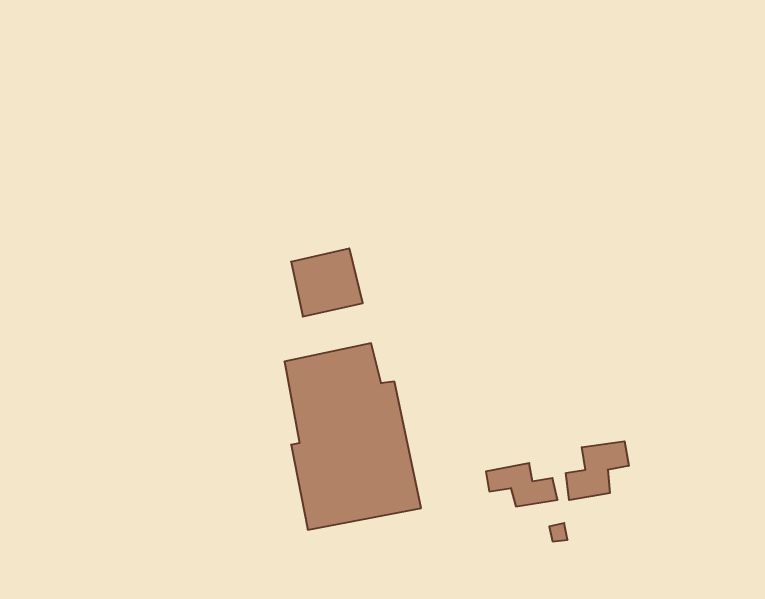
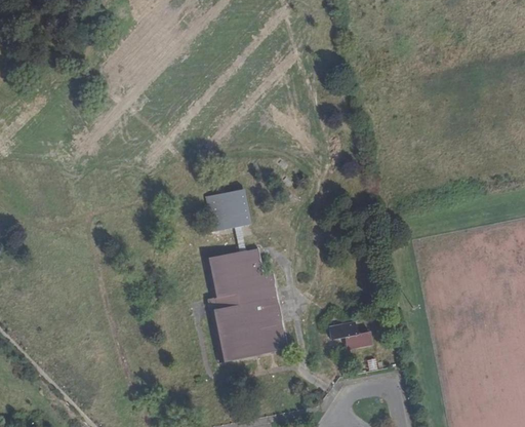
building: [566,441,629,500] -> none

